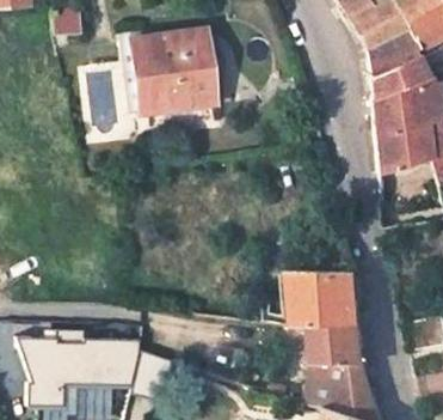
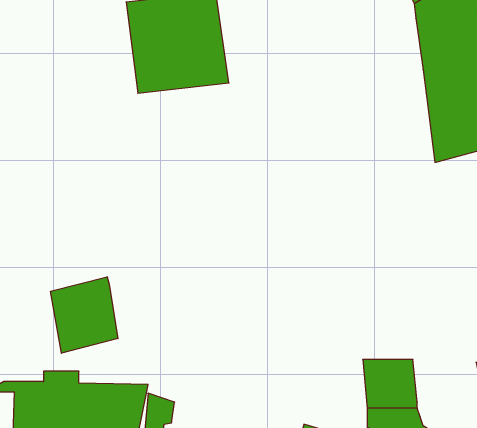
building: none -> [51,277,118,353]
building: [291,269,352,323] -> none

